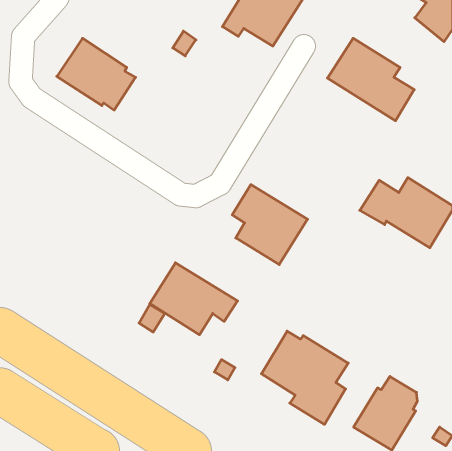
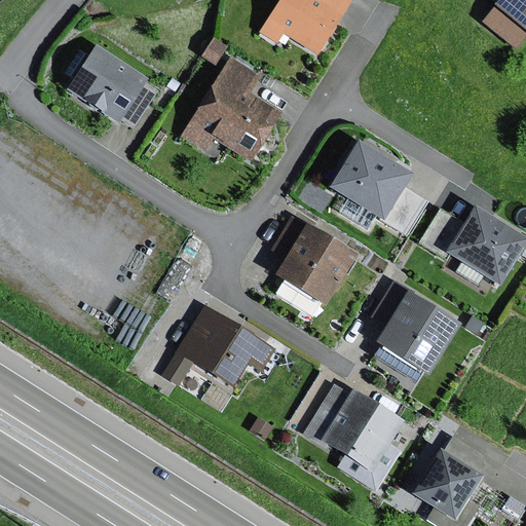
building: [327,38,414,121] -> [328,141,428,236]
building: none -> [180,54,280,160]
building: none -> [371,283,460,376]

